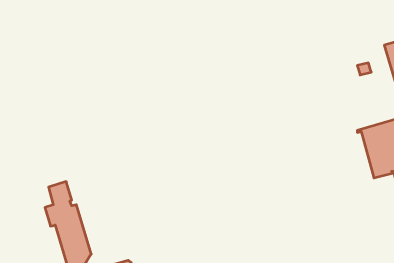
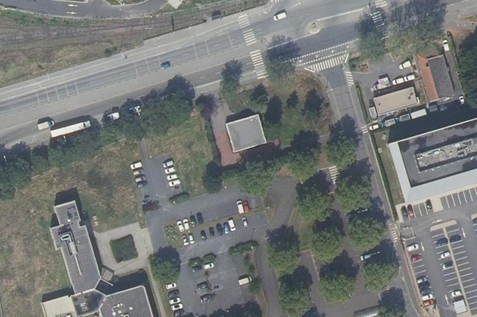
building: none -> [374,87,418,115]
building: none -> [226,114,266,151]

